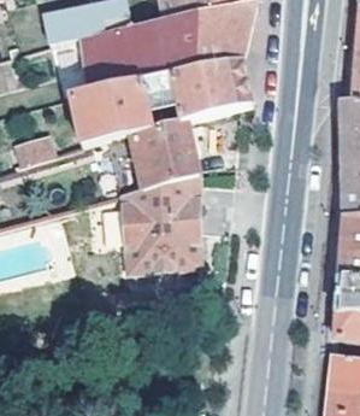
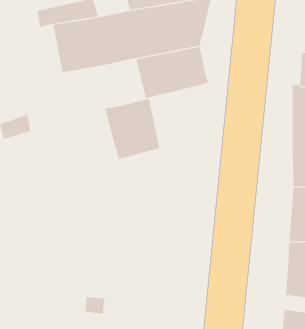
building: [67,80,151,141] -> none
building: [123,174,197,271] -> none

